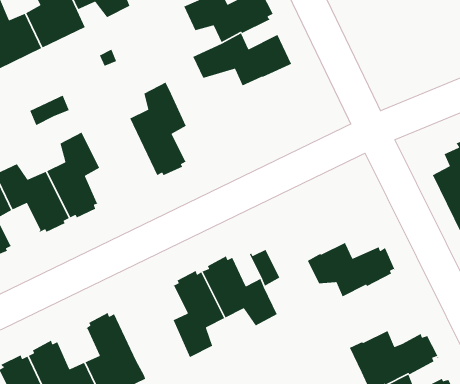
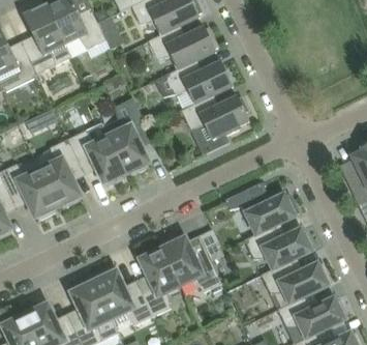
building: none -> [181,95,249,154]
building: none -> [67,121,126,184]
building: none -> [224,182,298,234]
building: none -> [261,259,331,304]
building: none -> [93,268,152,324]

